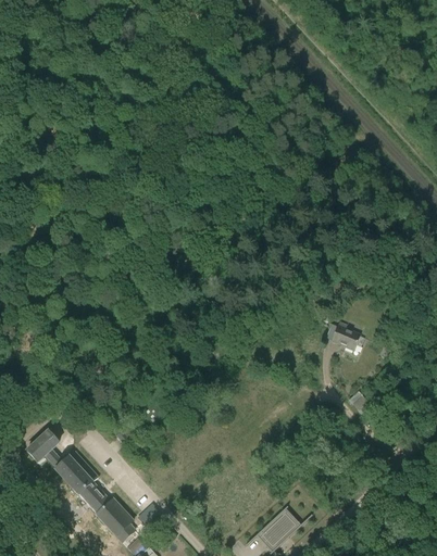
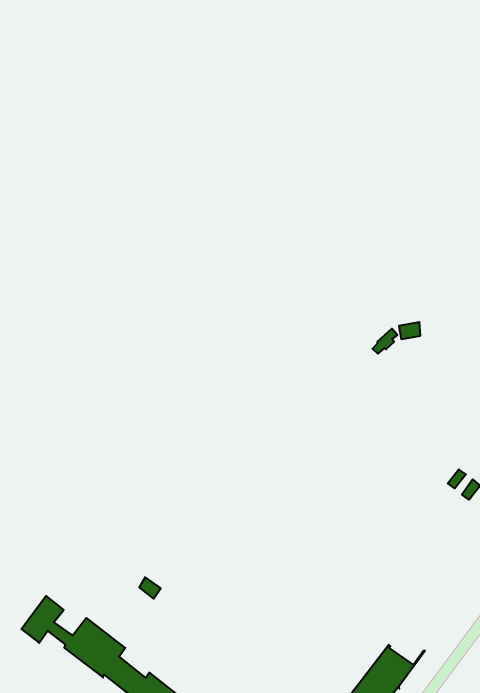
building: [330,321,360,350] -> none

